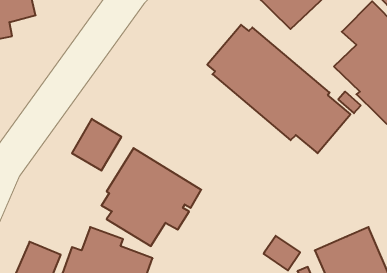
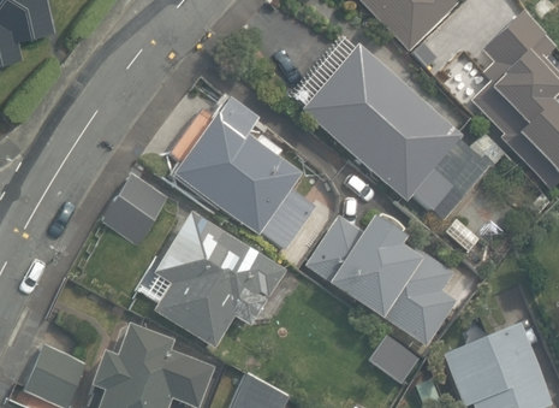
building: none -> [171,100,316,249]
building: none -> [308,215,458,344]

